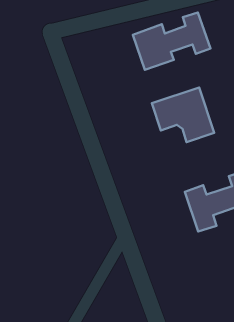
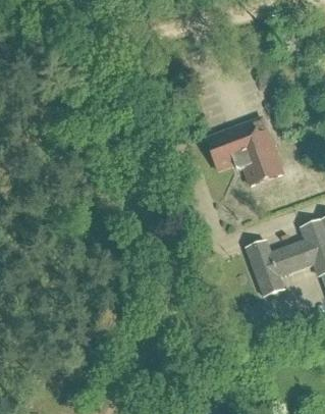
building: [133,12,211,70] -> none

